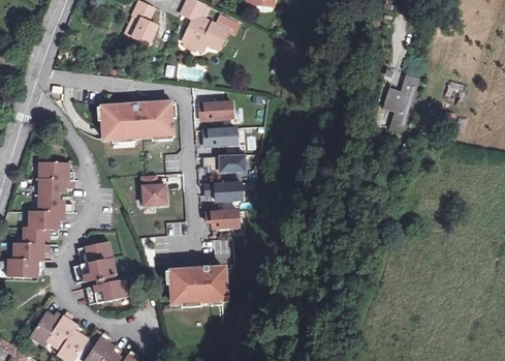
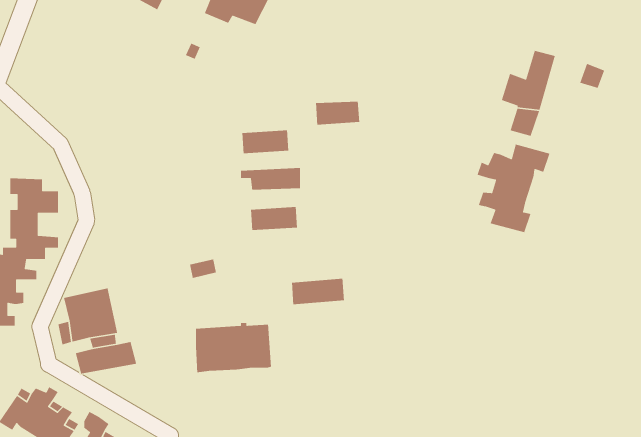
building: [200,101,232,119] -> [315,101,360,126]
building: [102,102,172,138] -> none
building: none -> [476,143,551,233]
building: [141,174,166,205] -> none
building: [207,209,245,229] -> [291,278,345,305]

